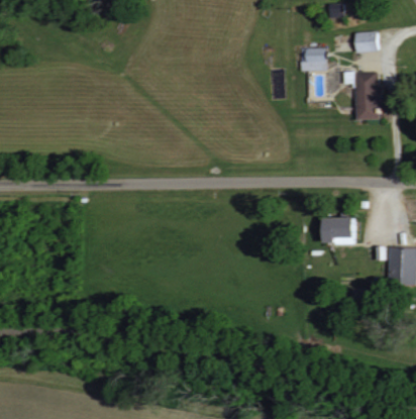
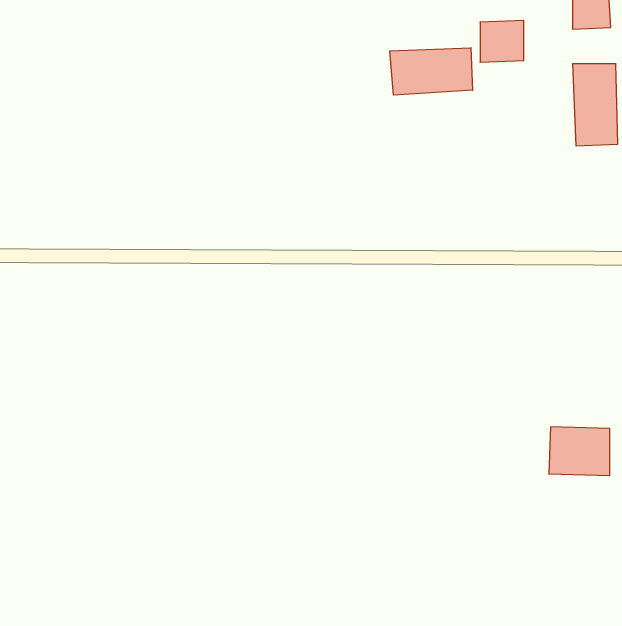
building: none -> [390,48,473,95]
building: [320,216,355,244] -> [549,427,610,476]

